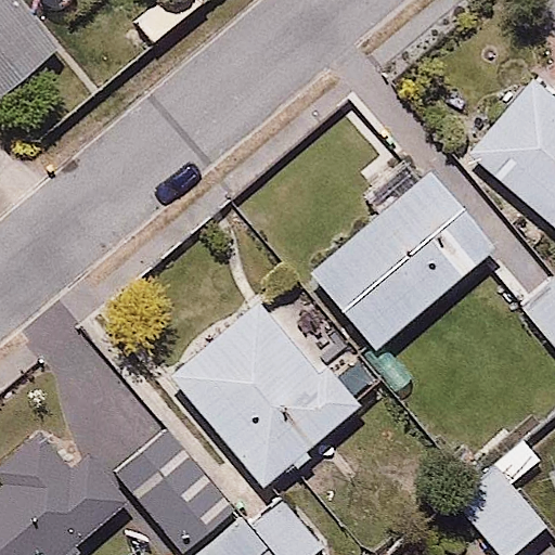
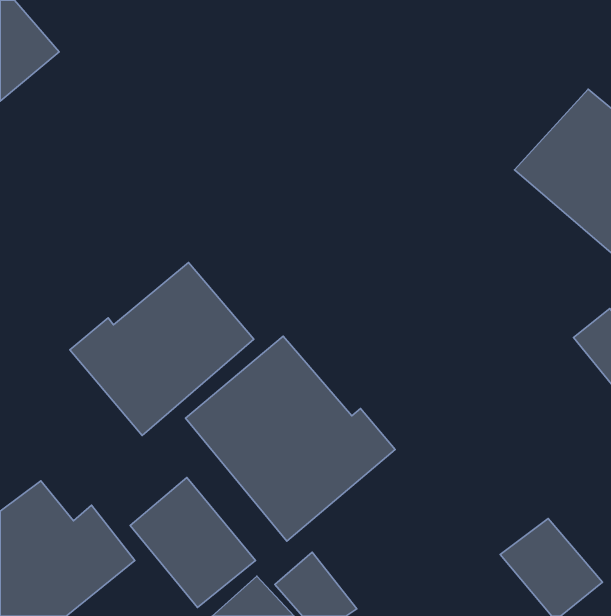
building: [310,172,493,351] -> none
building: none -> [70,263,254,436]

